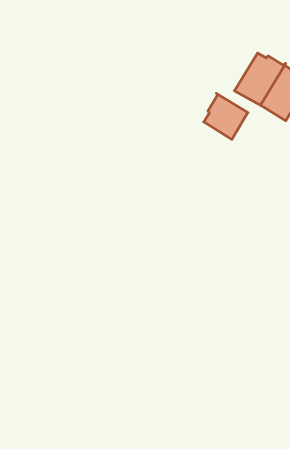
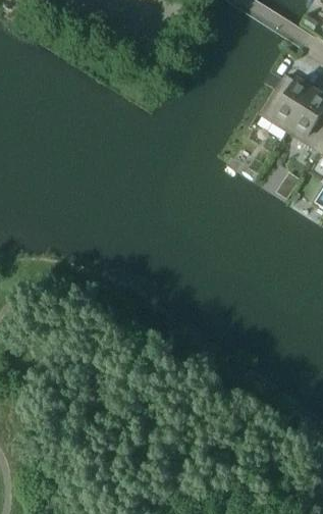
building: [204,93,248,139] -> none

